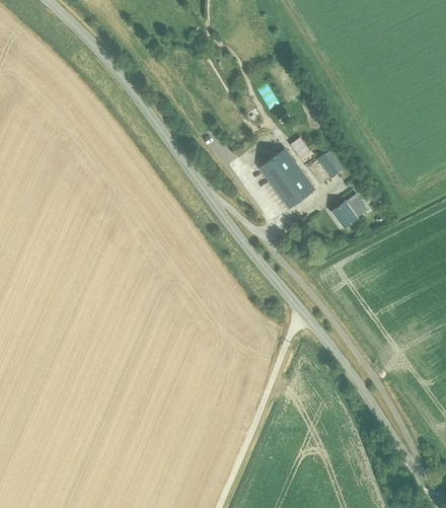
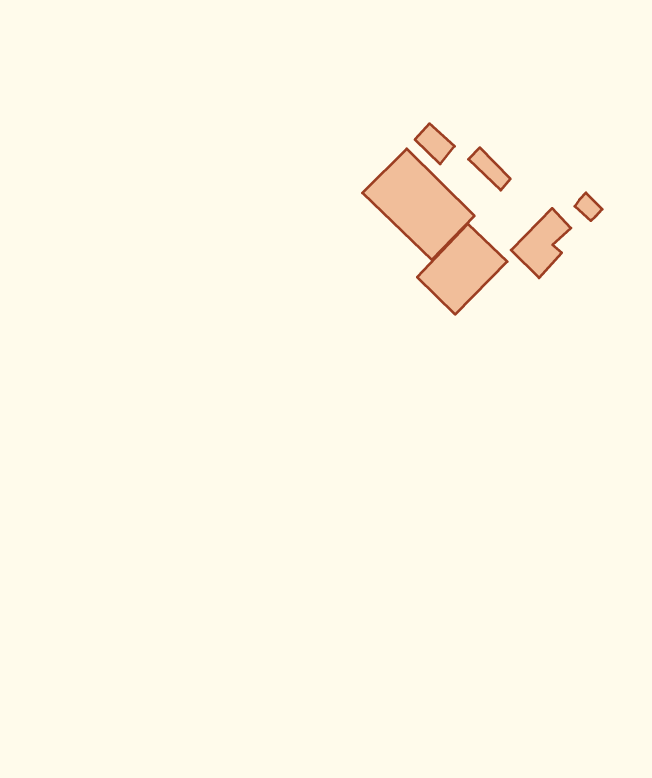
building: none -> [417,224,507,314]

